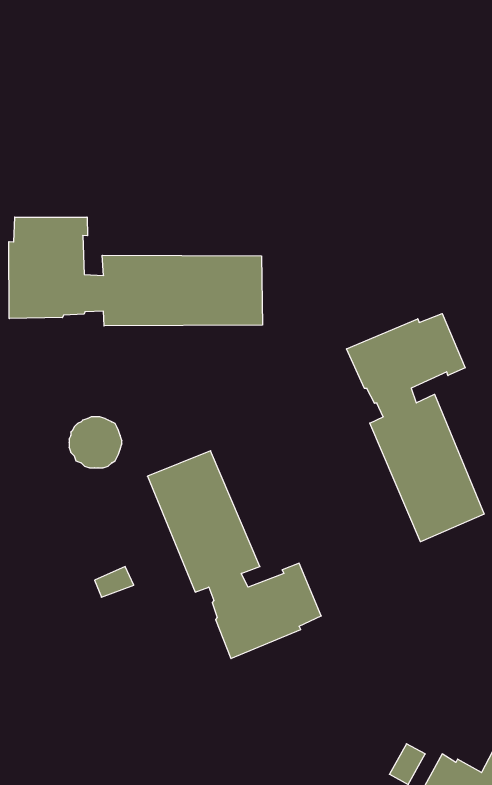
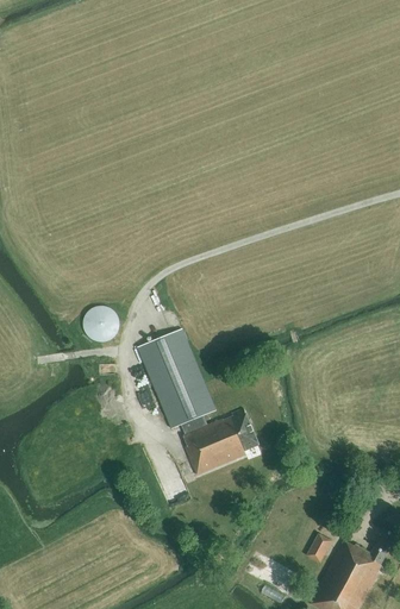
building: [9,217,262,326] -> none
building: [347,314,484,542] -> none

